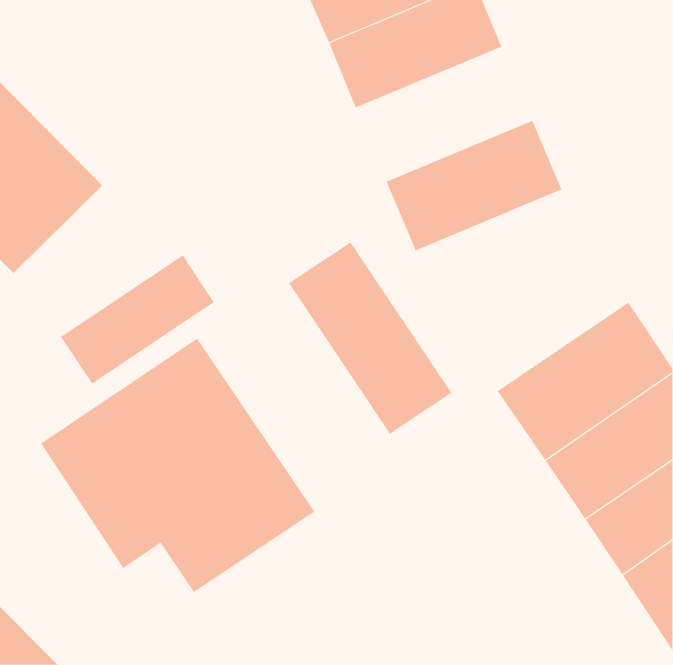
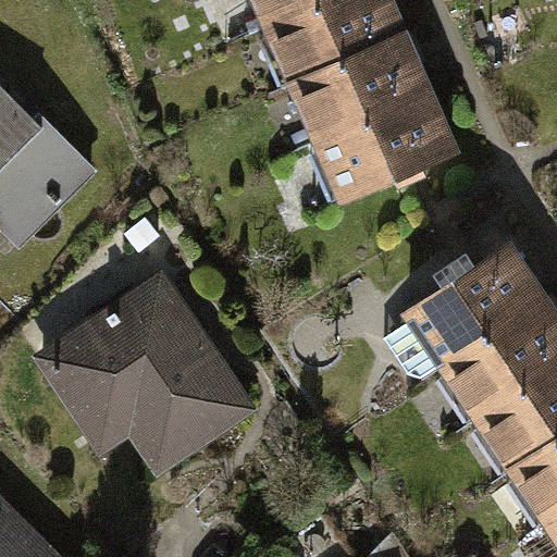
building: none -> [289,38,434,148]
building: [288,241,452,435] -> none
building: [60,254,215,385] -> none

